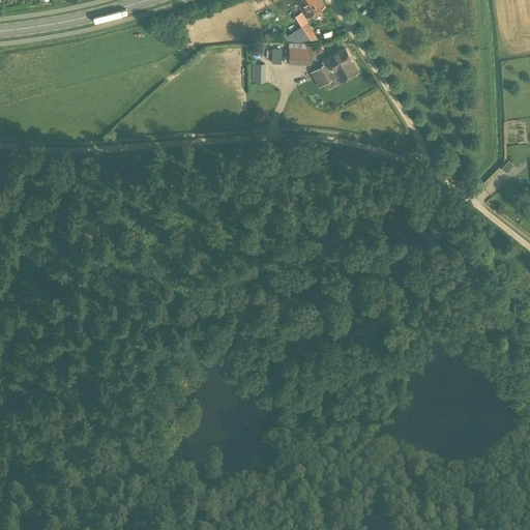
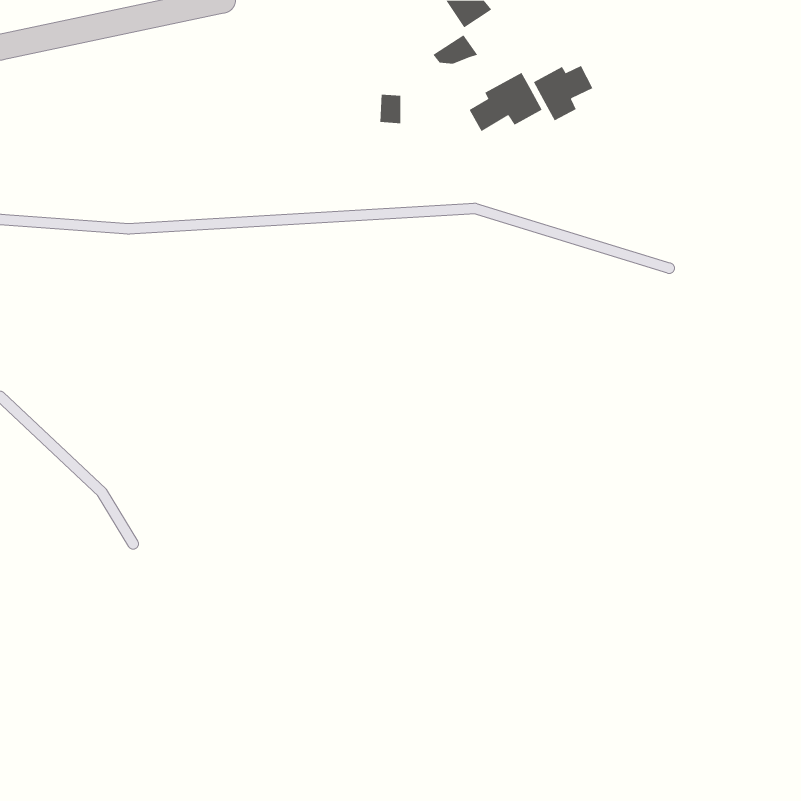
building: none -> [533,65,593,121]
building: [284,46,311,64] -> none

